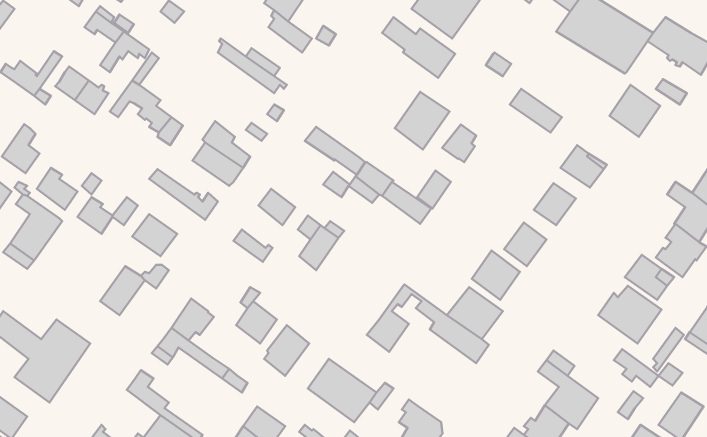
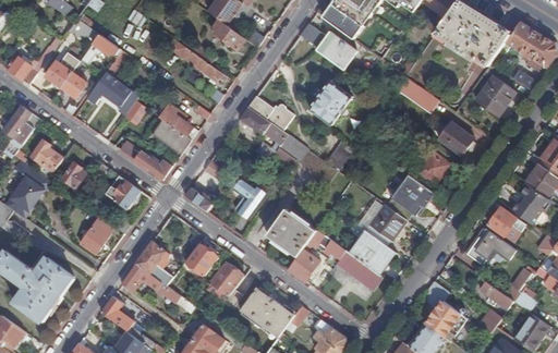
building: none -> [247,96,293,132]
building: [442,125,476,162] -> none
building: none -> [266,209,315,257]

